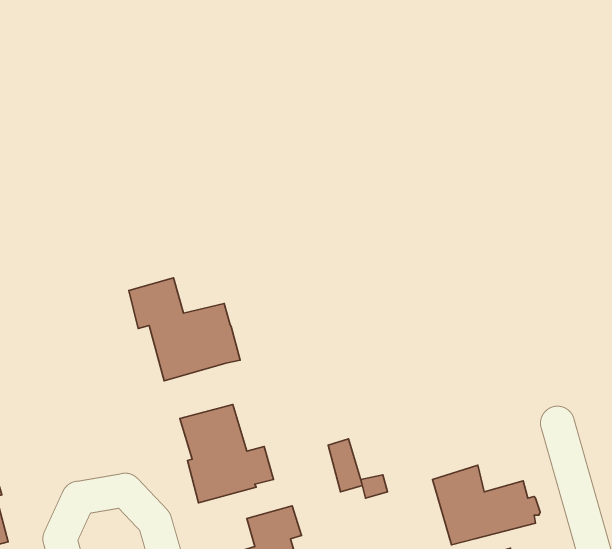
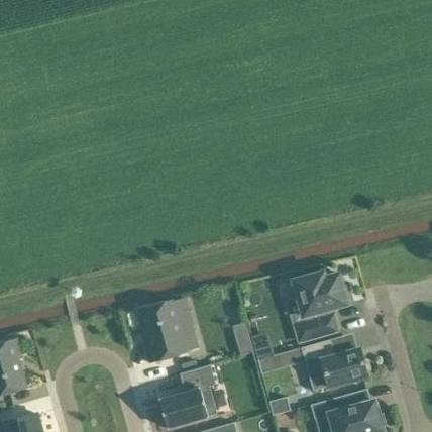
building: [129,278,240,381] -> none
building: none -> [293,272,347,342]

